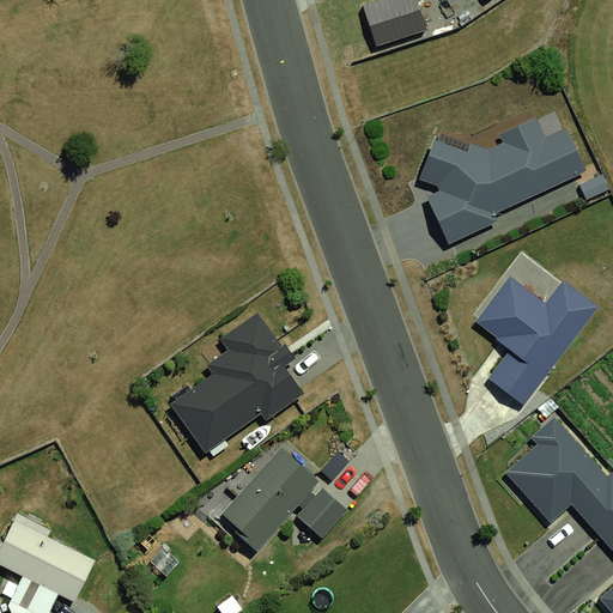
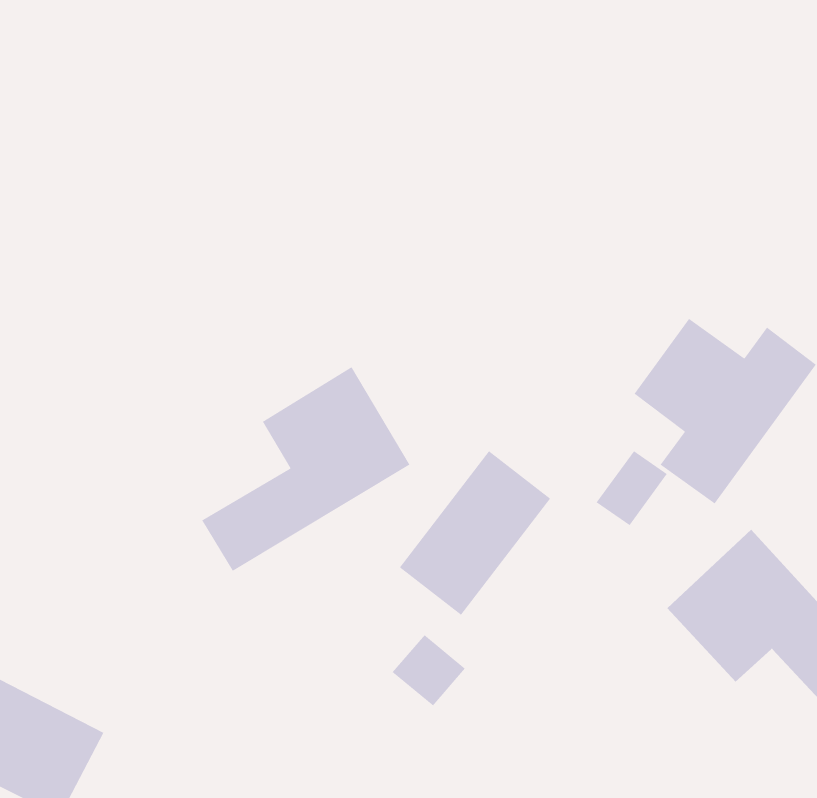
building: [415,115,582,243] -> none
building: none -> [596,450,668,526]
building: [221,437,327,552] -> [399,450,551,616]

